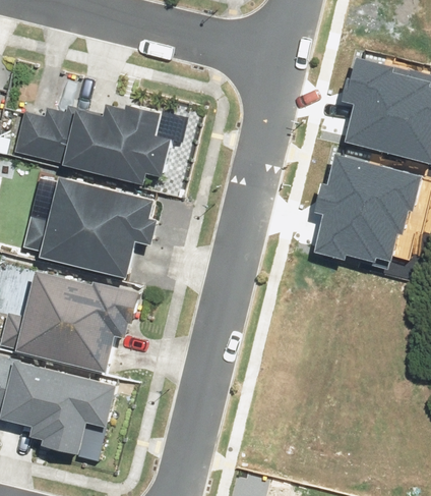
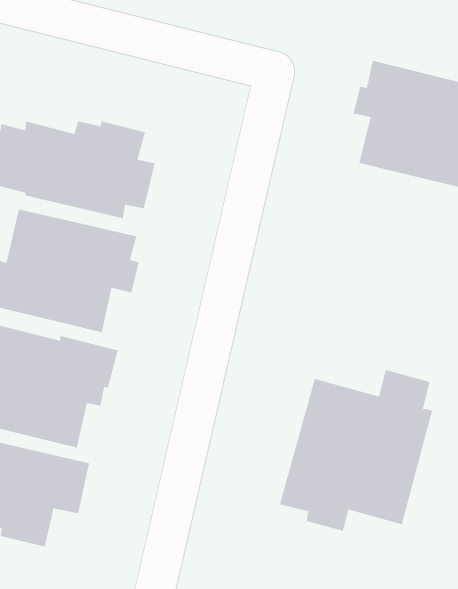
building: [307,152,416,267] -> none
building: none -> [279,369,433,531]

